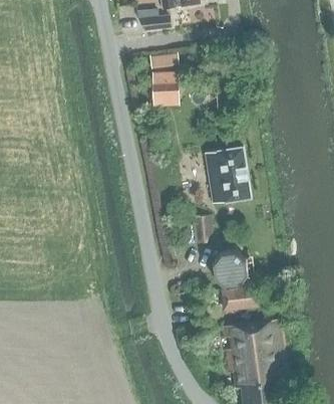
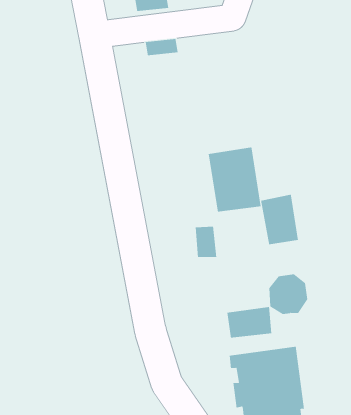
building: [151,72,179,106] -> none
building: none -> [261,194,298,245]
building: [213,251,247,286] -> [268,274,308,315]

